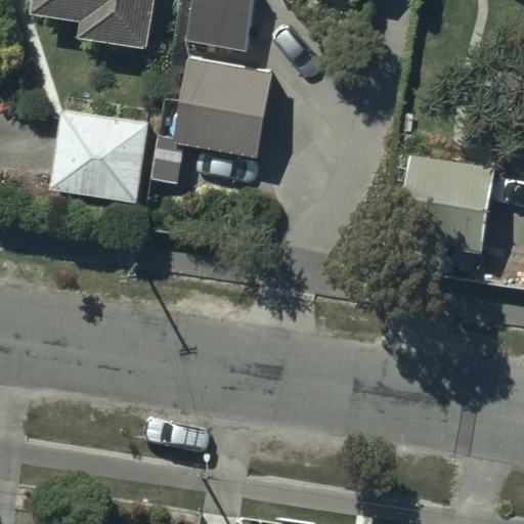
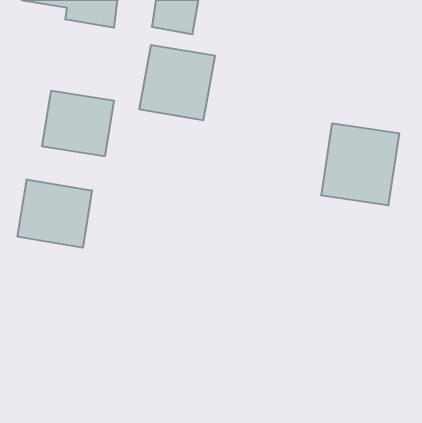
building: none -> [18,179,92,248]

